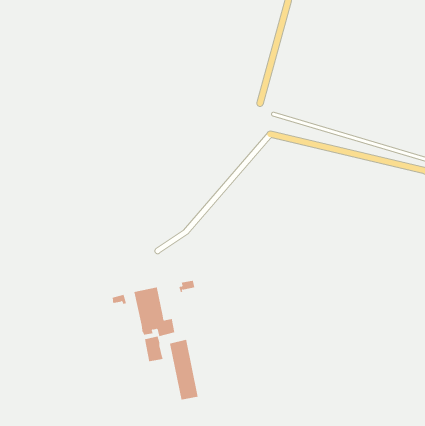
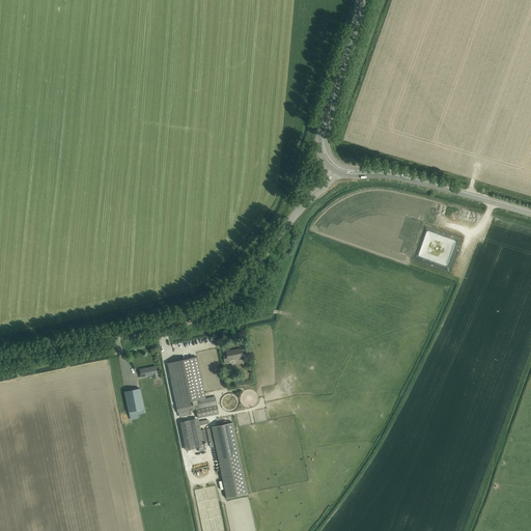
building: none -> [123,389,144,416]

